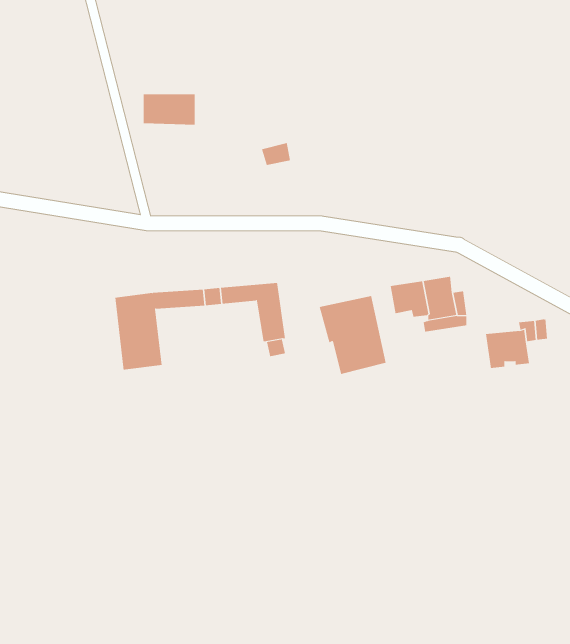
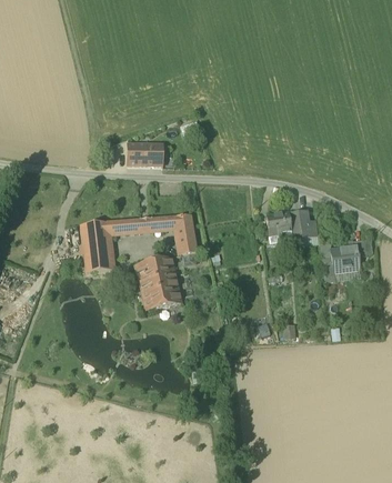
building: [143,94,196,125] -> [128,143,163,164]
building: [319,295,387,375] -> [135,255,181,309]

